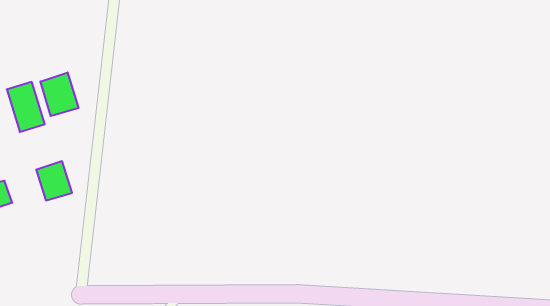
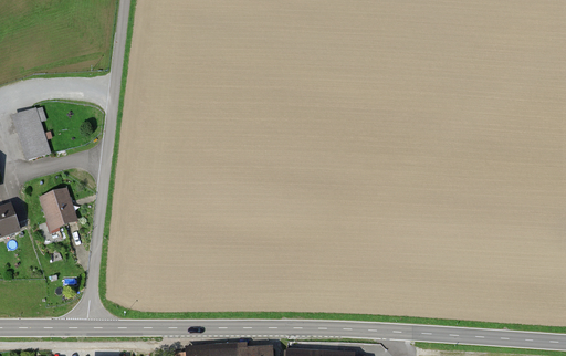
building: [40,72,79,116] -> none

